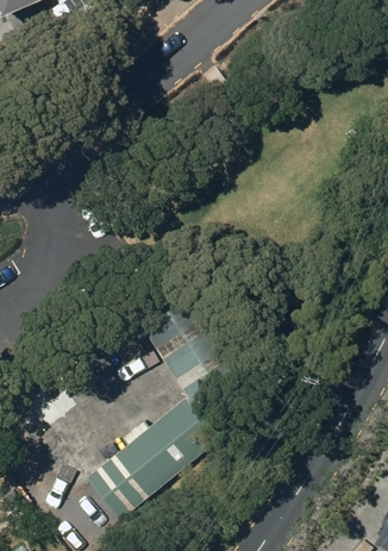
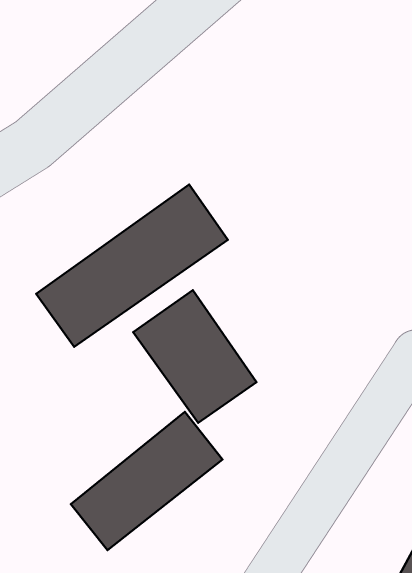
building: none -> [36,185,228,347]

